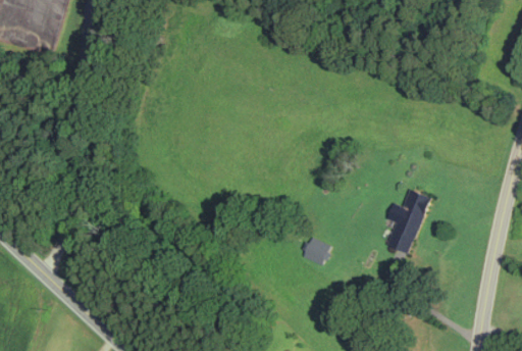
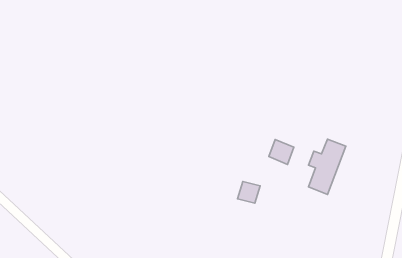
building: none -> [269,139,294,164]

